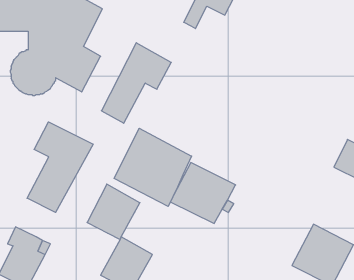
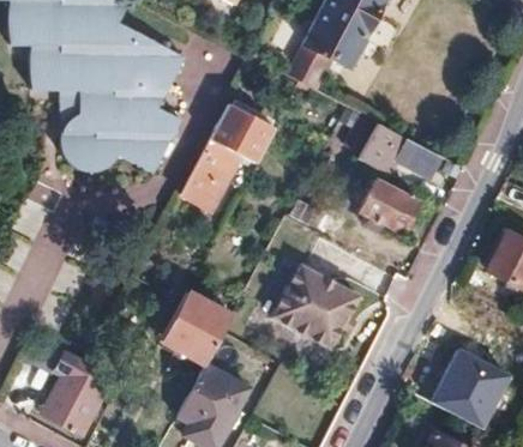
building: none -> [359,122,438,175]
building: none -> [360,177,419,231]
building: [27,122,93,212] -> none
building: [114,128,192,206] -> none

